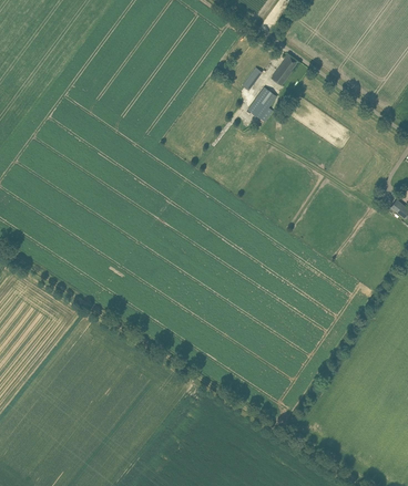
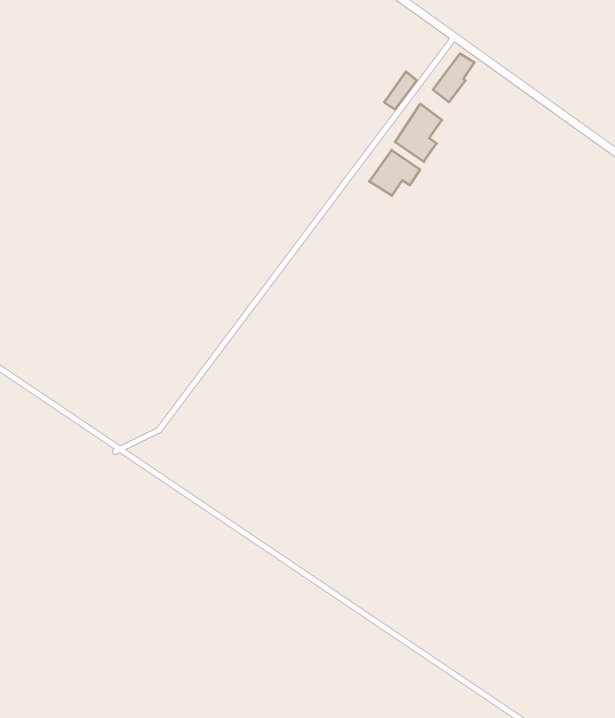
building: none -> [369,150,420,196]

